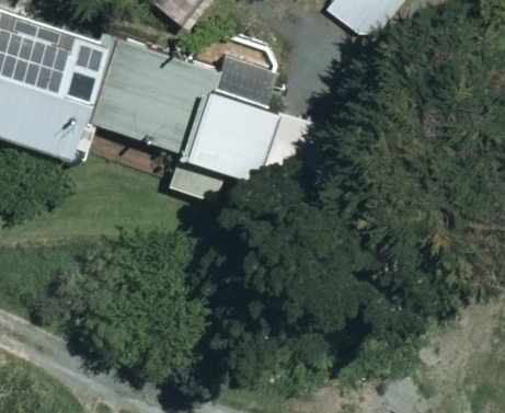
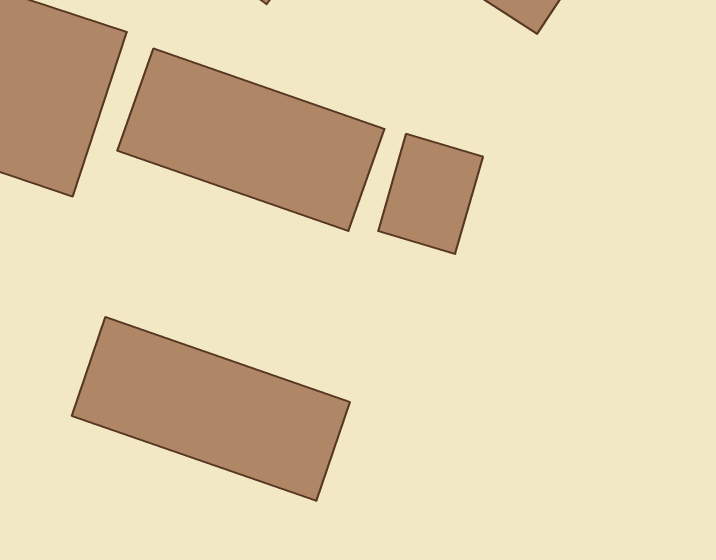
building: none -> [72,317,350,501]

